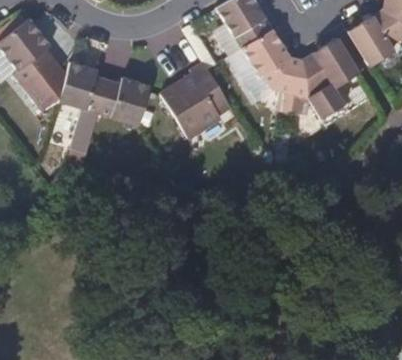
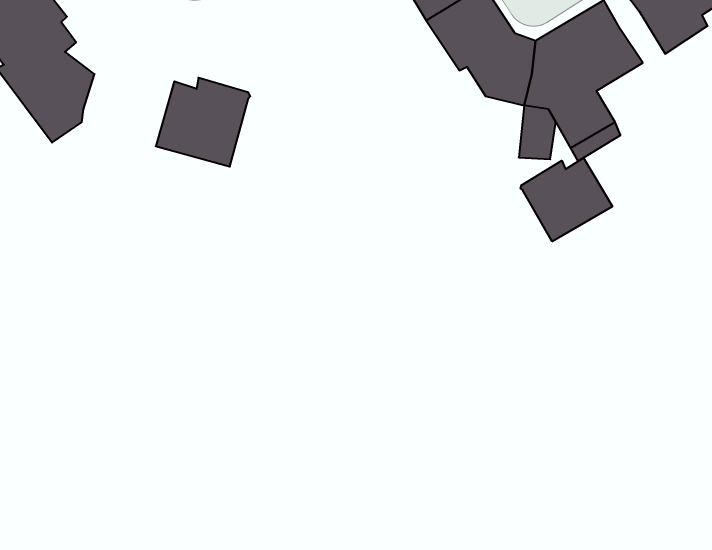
building: [163,60,233,136] -> none
building: [57,62,107,115] -> none
building: none -> [521,158,612,241]

